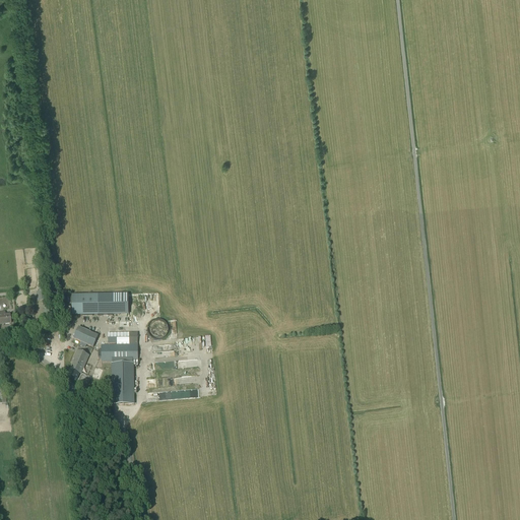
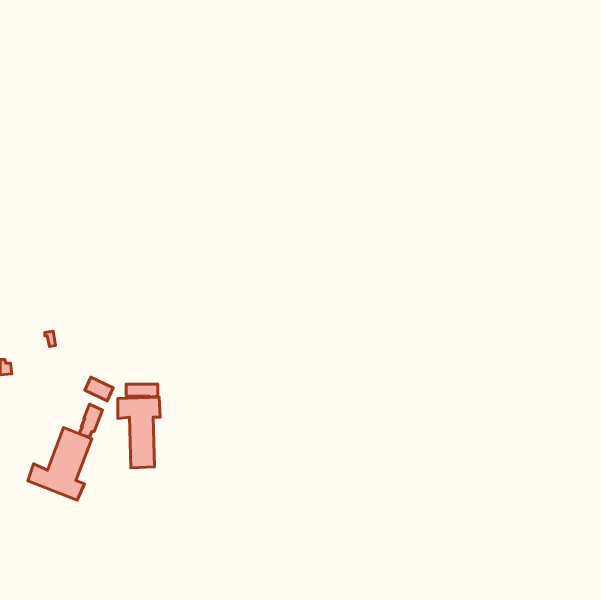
building: [73,294,114,315] -> none
building: none -> [28,428,92,500]

